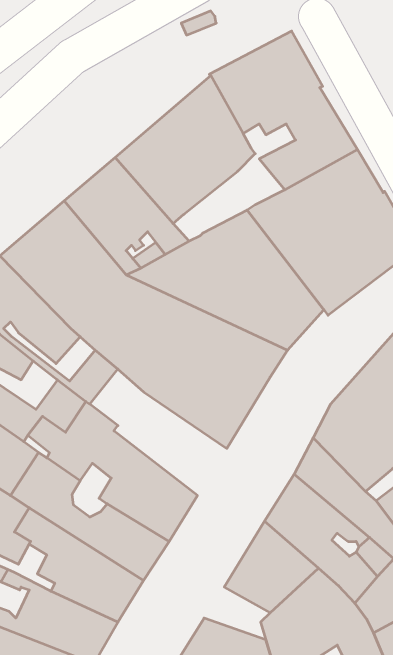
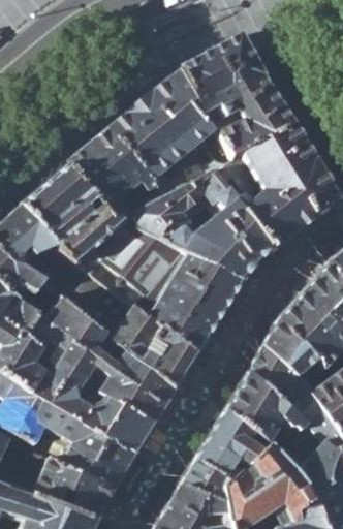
building: none -> [156,127,242,194]
building: none -> [92,292,197,390]
building: none -> [180,460,230,500]

